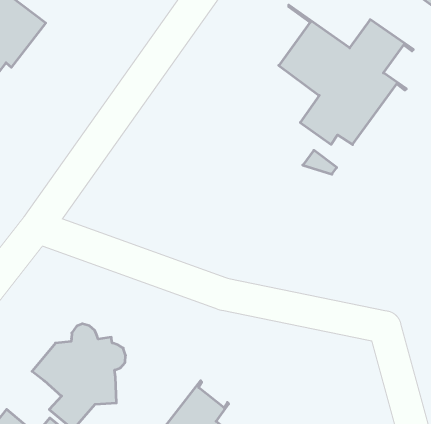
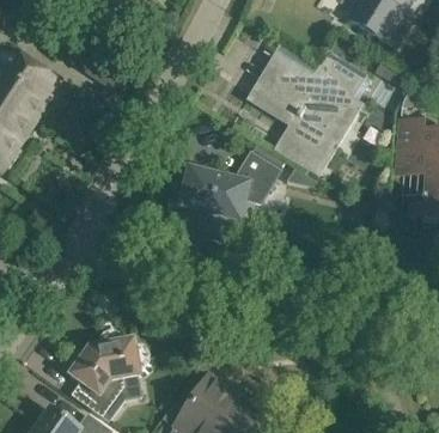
building: none -> [165,152,279,233]

